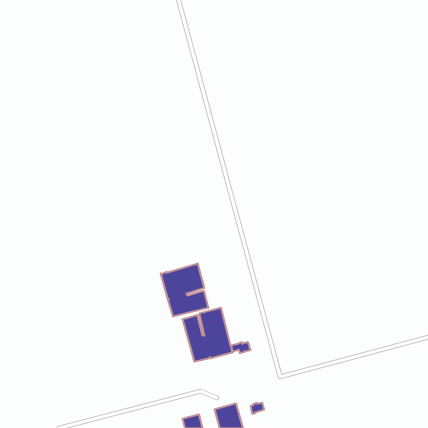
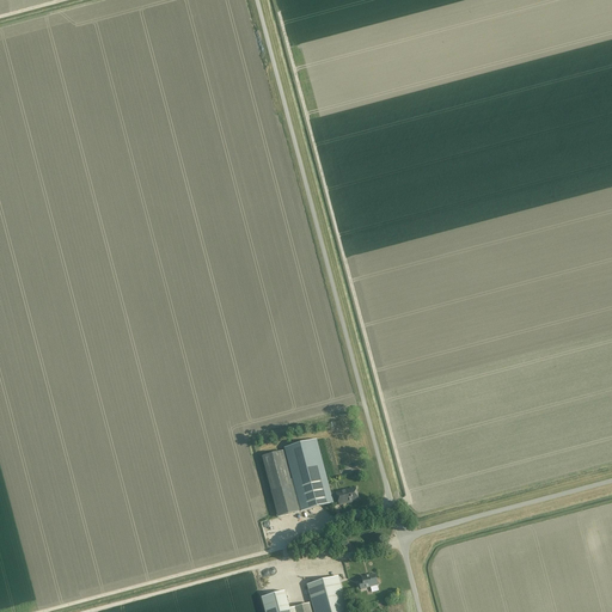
building: [161,263,208,317] -> none

